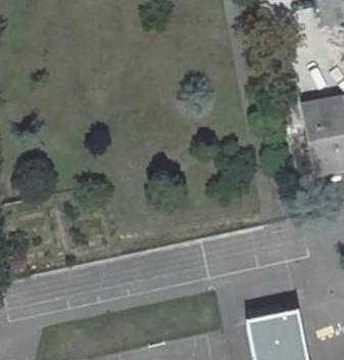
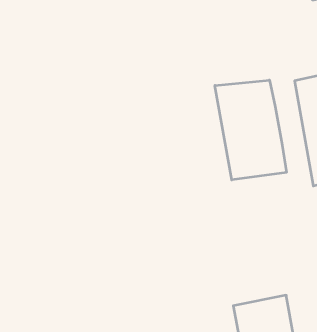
building: none -> [215,80,286,180]

